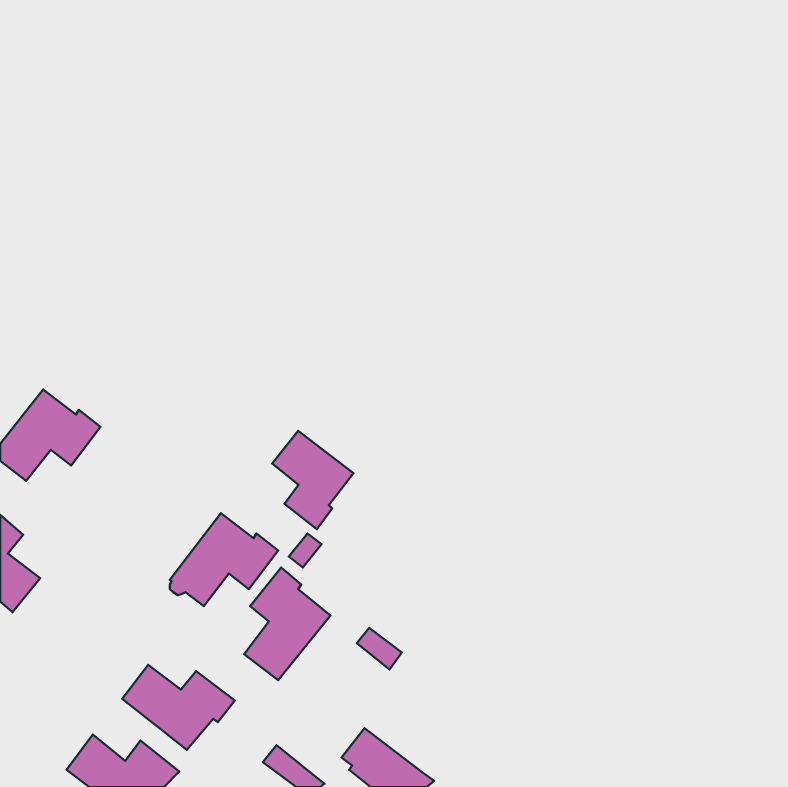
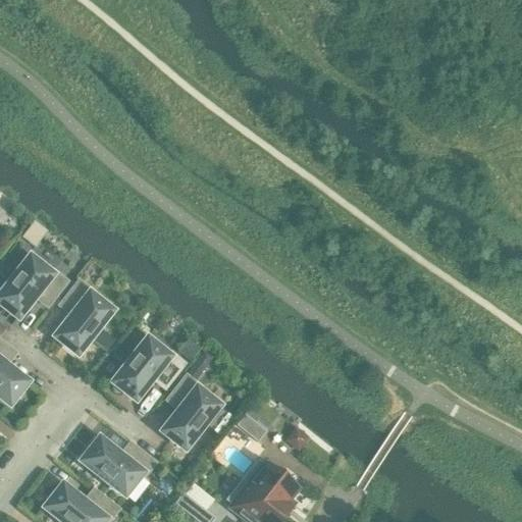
building: none -> [55,279,111,354]
building: [272,431,353,529] -> none
building: none -> [242,459,299,515]

